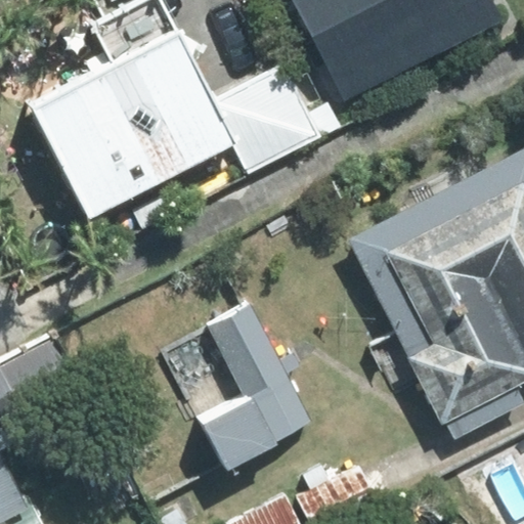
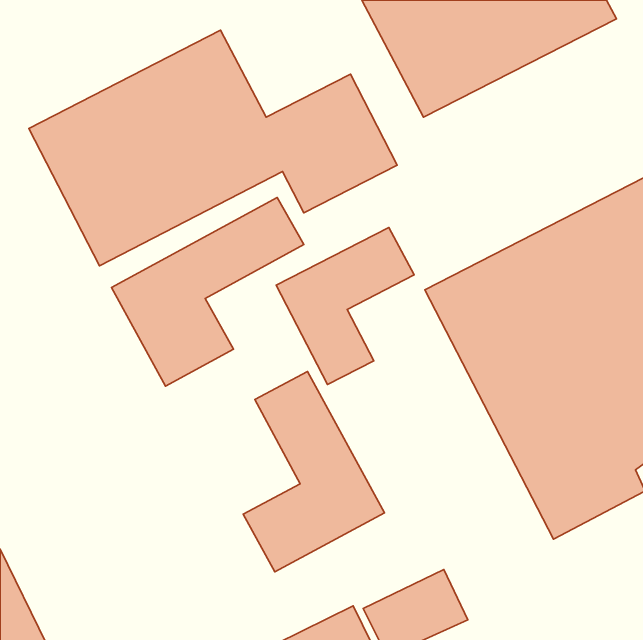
building: none -> [112,198,304,386]
building: none -> [276,227,414,384]

